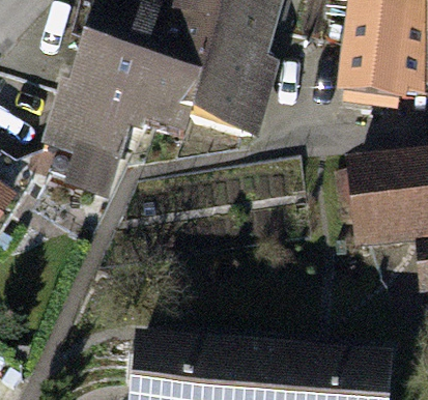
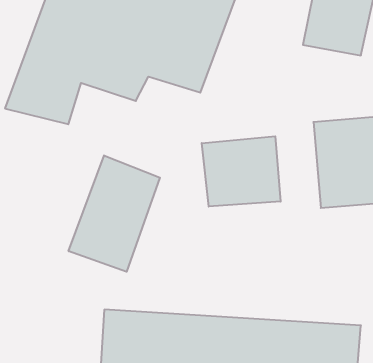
building: none -> [202,136,281,207]
building: none -> [69,155,160,272]

